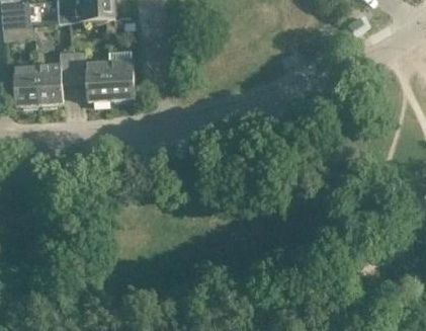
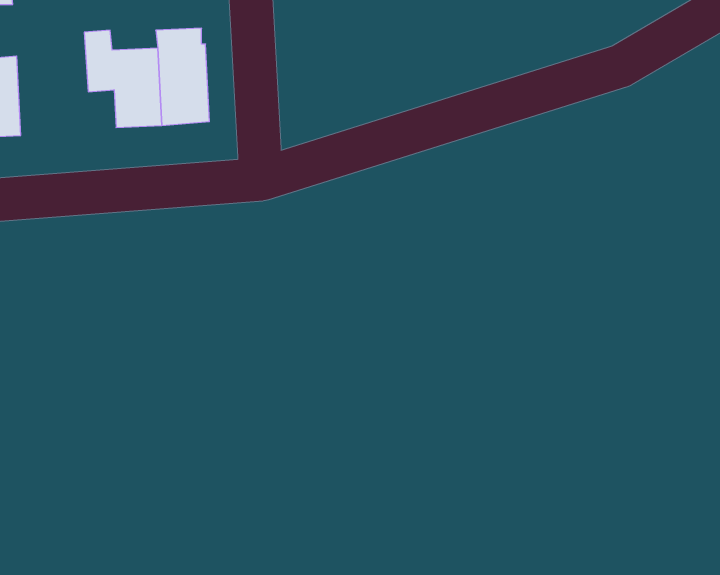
building: [36,52,73,104] -> none

